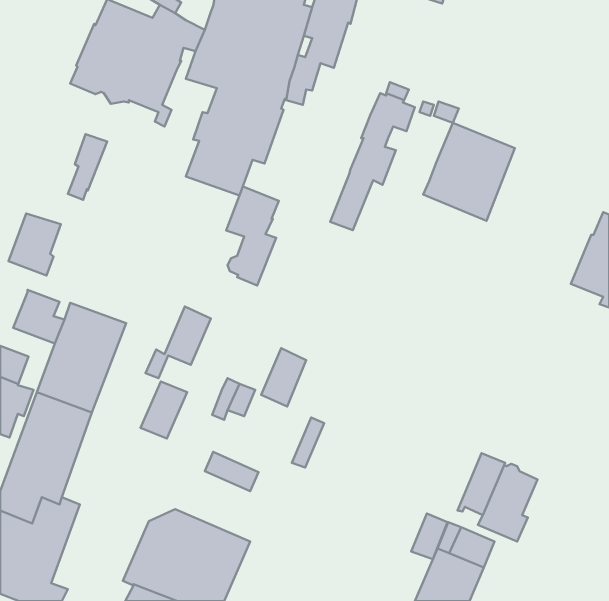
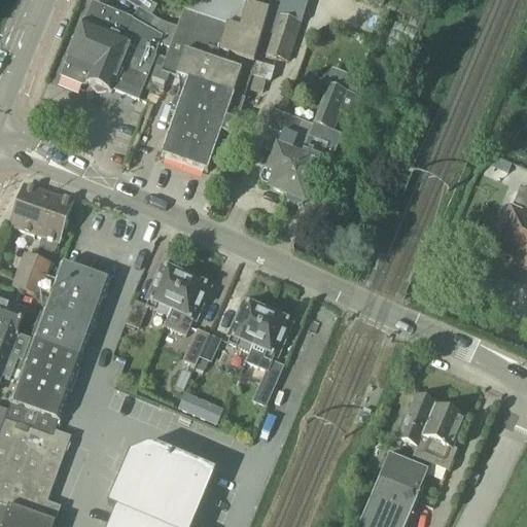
building: [423,123,515,221] -> none
building: [68,134,107,200] -> [37,194,71,250]
building: [226,187,279,286] -> [258,106,304,191]
building: none -> [248,311,287,360]
building: [141,381,187,439] -> [165,275,205,324]
building: [411,514,448,559] -> none

